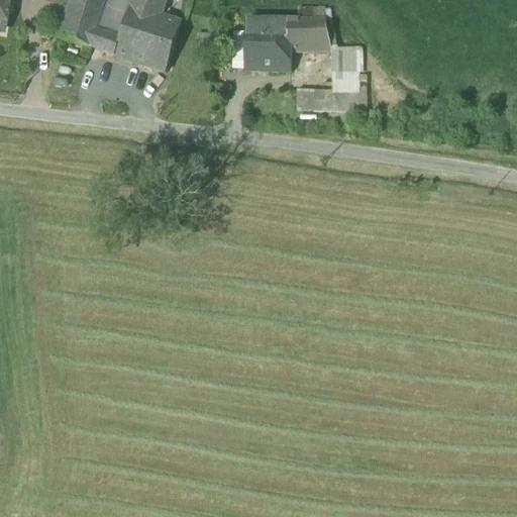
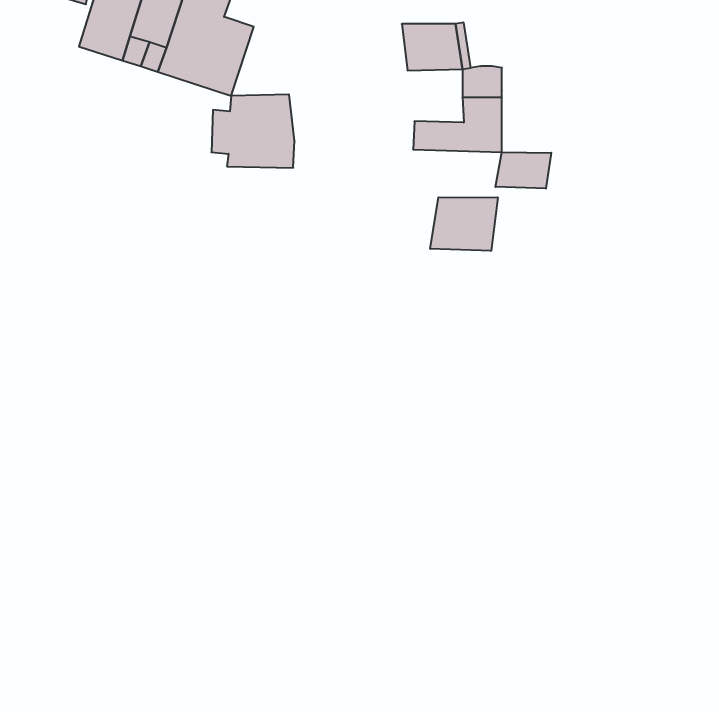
building: [233,17,293,70] -> [211,94,295,168]
building: none -> [495,152,551,189]
building: none -> [430,197,498,251]

